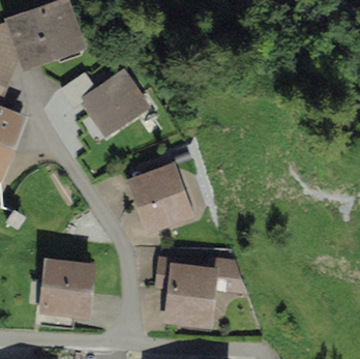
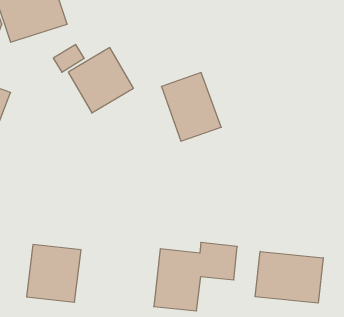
building: [129,167,187,233] -> [161,73,221,141]
building: none -> [255,251,323,303]

